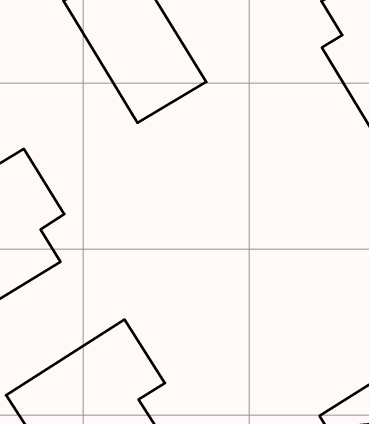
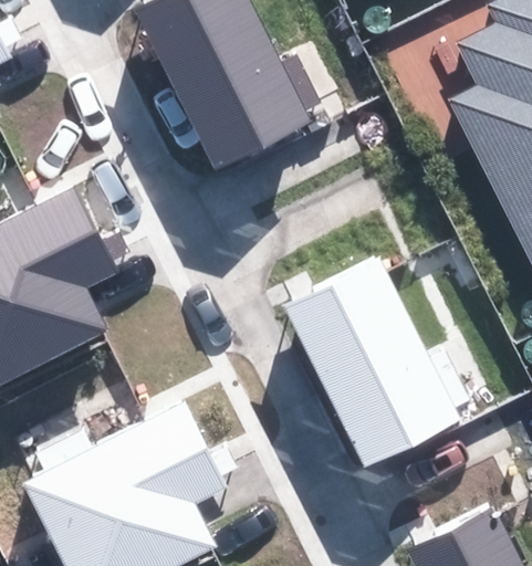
building: none -> [288,262,461,468]

